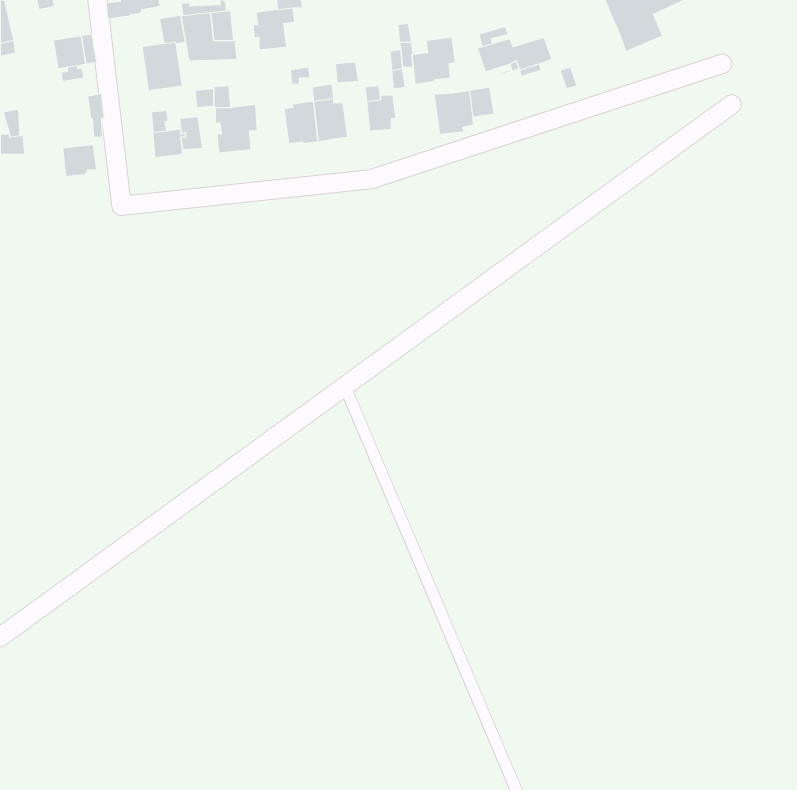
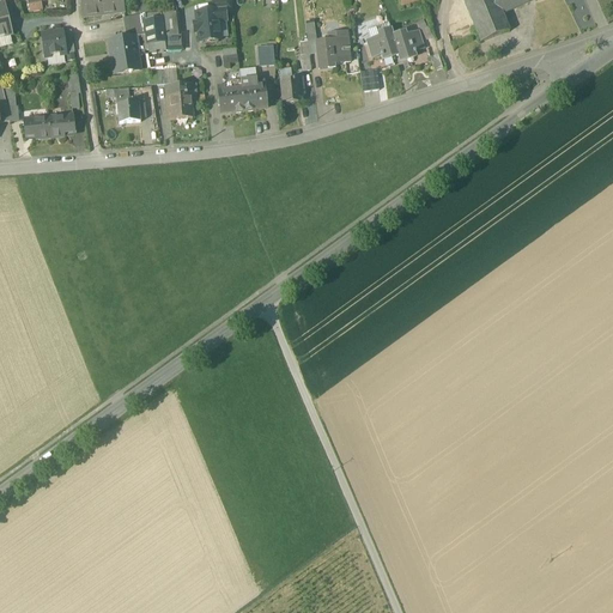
building: [434,91,474,134] -> none
building: none -> [23,114,50,136]

